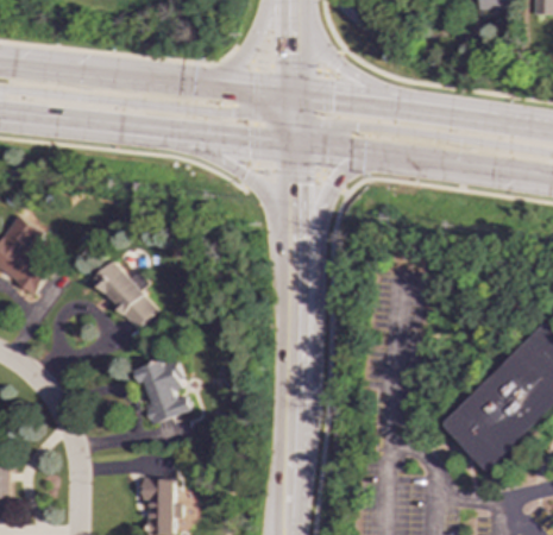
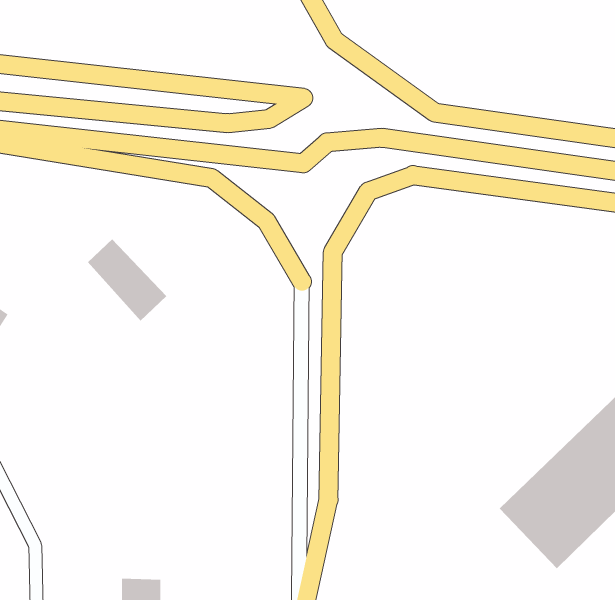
building: [93,262,157,328] -> [87,239,167,322]
building: [136,360,189,422] -> none

